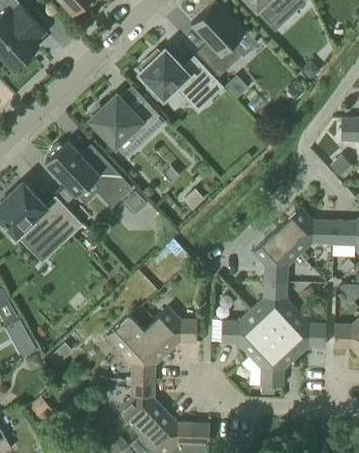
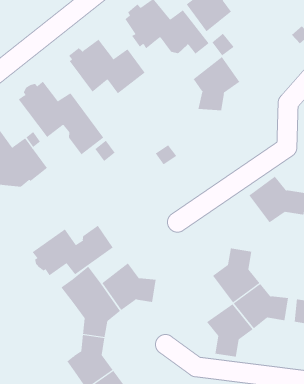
building: none -> [193,56,240,111]
building: [253,231,300,284] -> none
building: none -> [32,225,114,276]
building: [221,312,273,357] -> none

